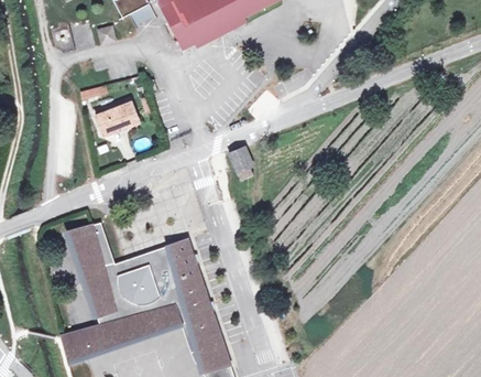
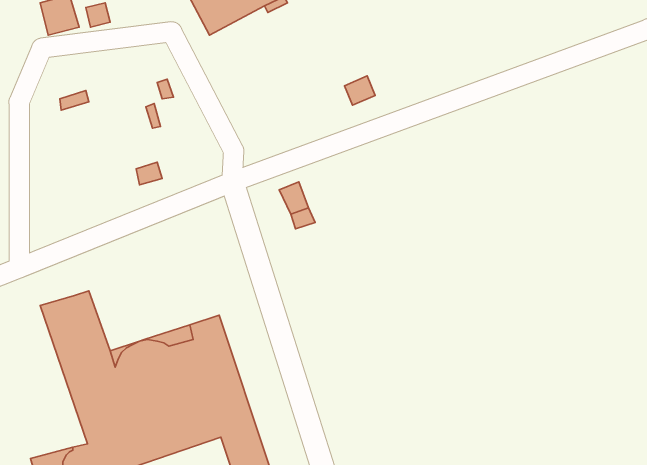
building: [97,104,136,132] -> none

